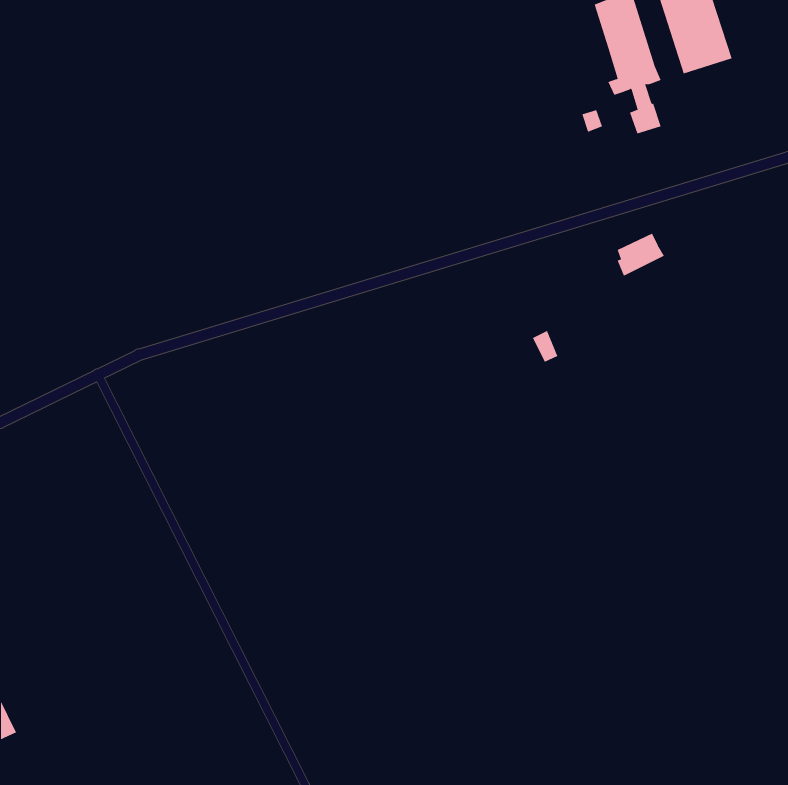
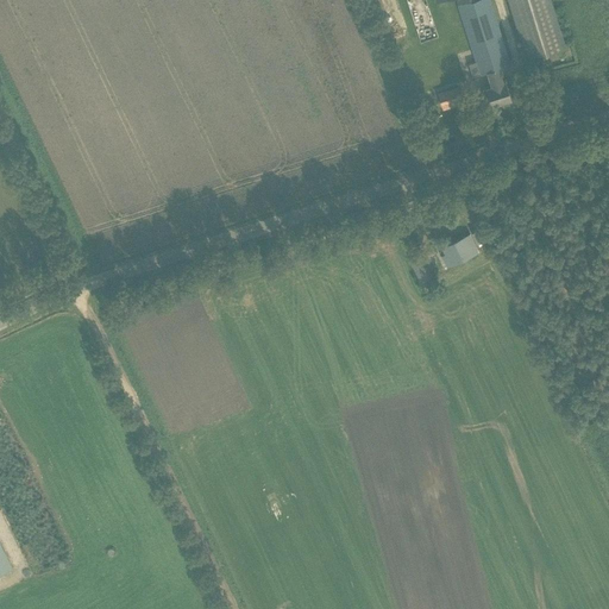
building: [617,233,665,276] -> [441,232,478,265]

